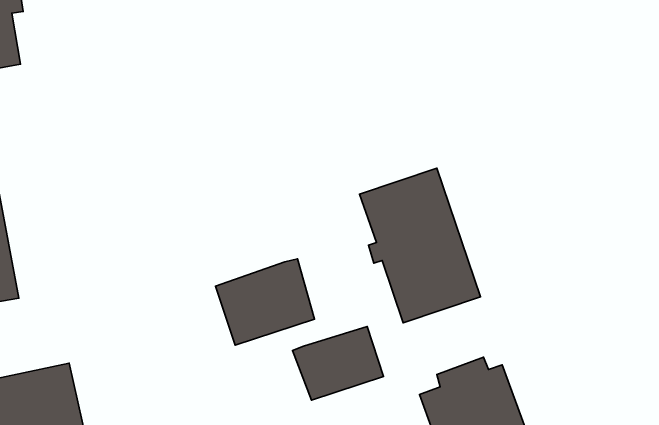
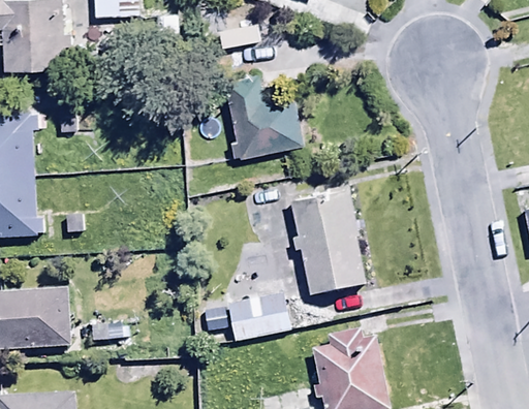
building: none -> [226,78,305,160]
building: [215,259,315,345] -> none

